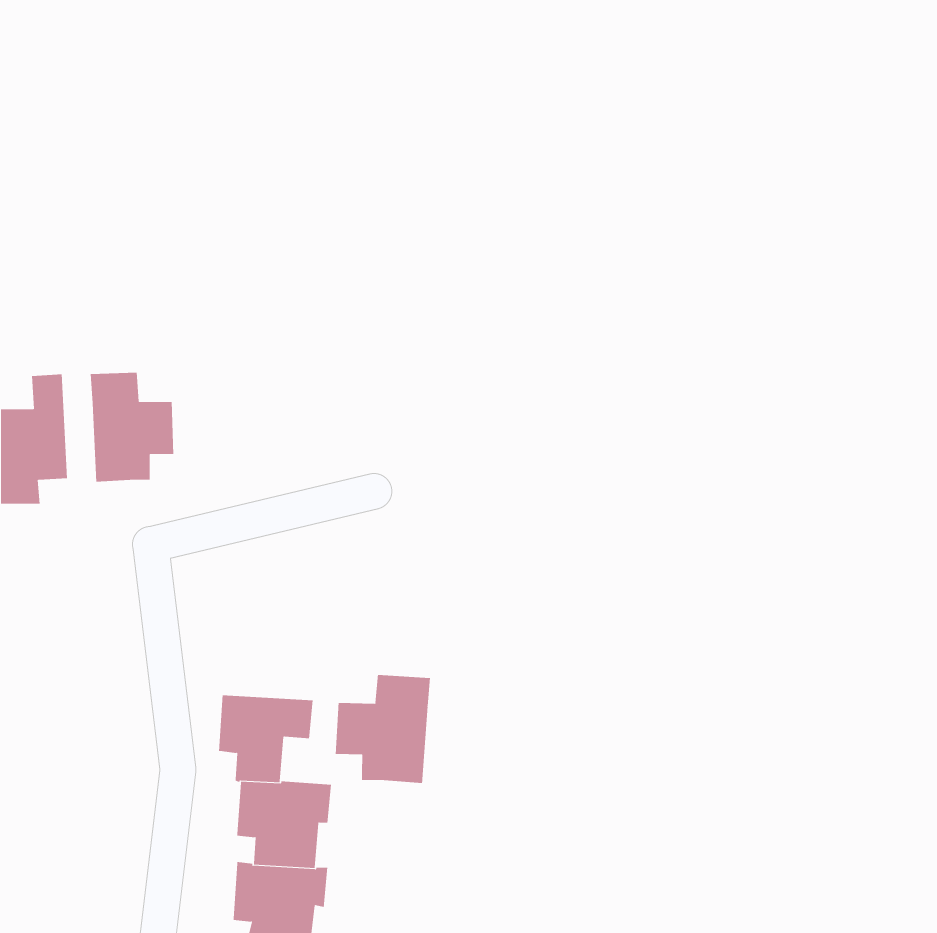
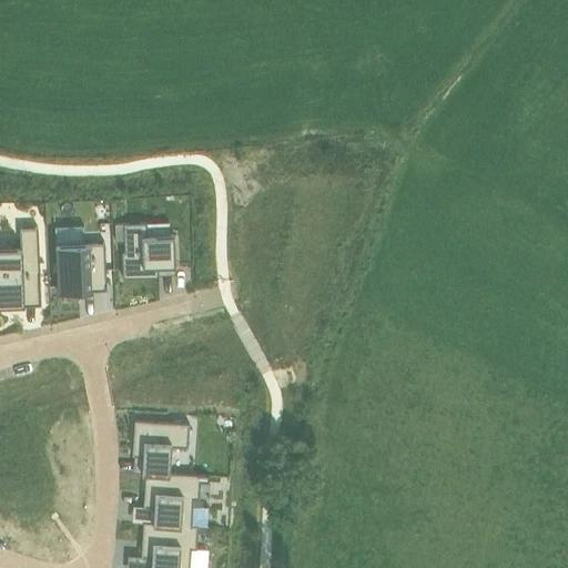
building: none -> [122,224,175,281]
building: [335,674,431,784] -> none

